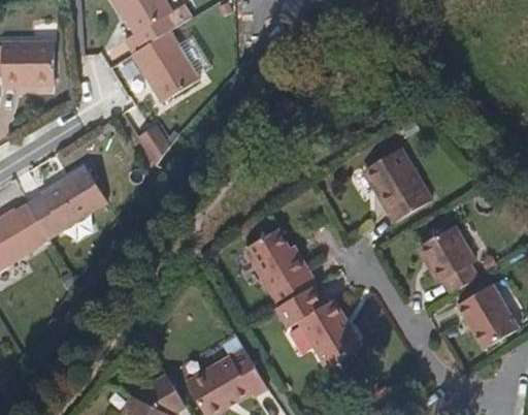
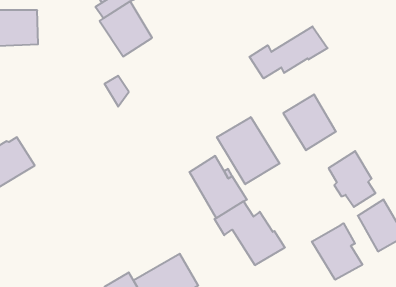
building: none -> [249,26,328,78]
building: [25,166,106,241] -> none
building: none -> [217,117,280,184]
building: none -> [312,223,362,280]

